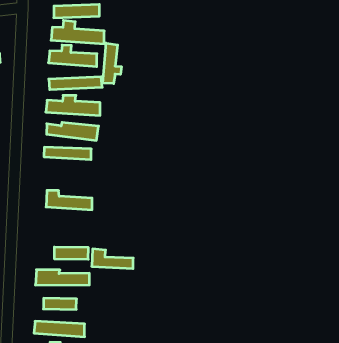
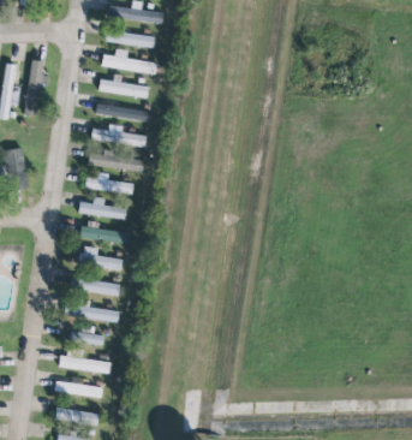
building: [103,43,121,84] -> none
building: none -> [78,196,127,219]
building: [92,249,133,269] -> [79,245,123,269]

